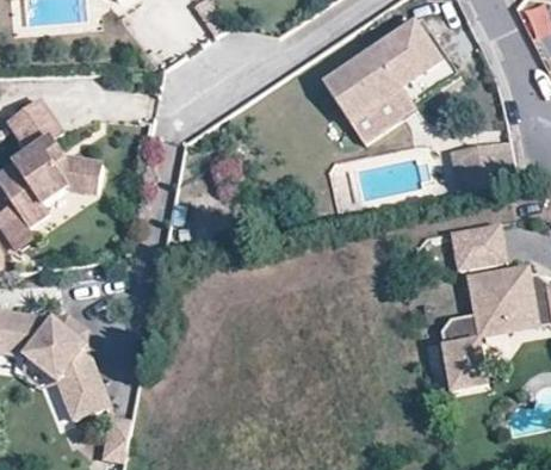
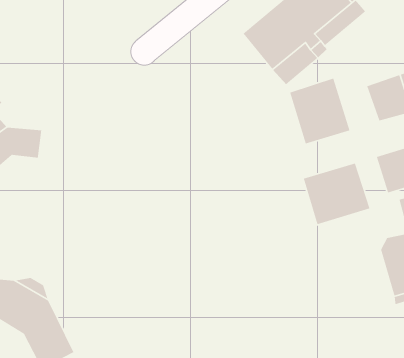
building: none -> [289,77,351,144]
building: none -> [303,162,371,225]

